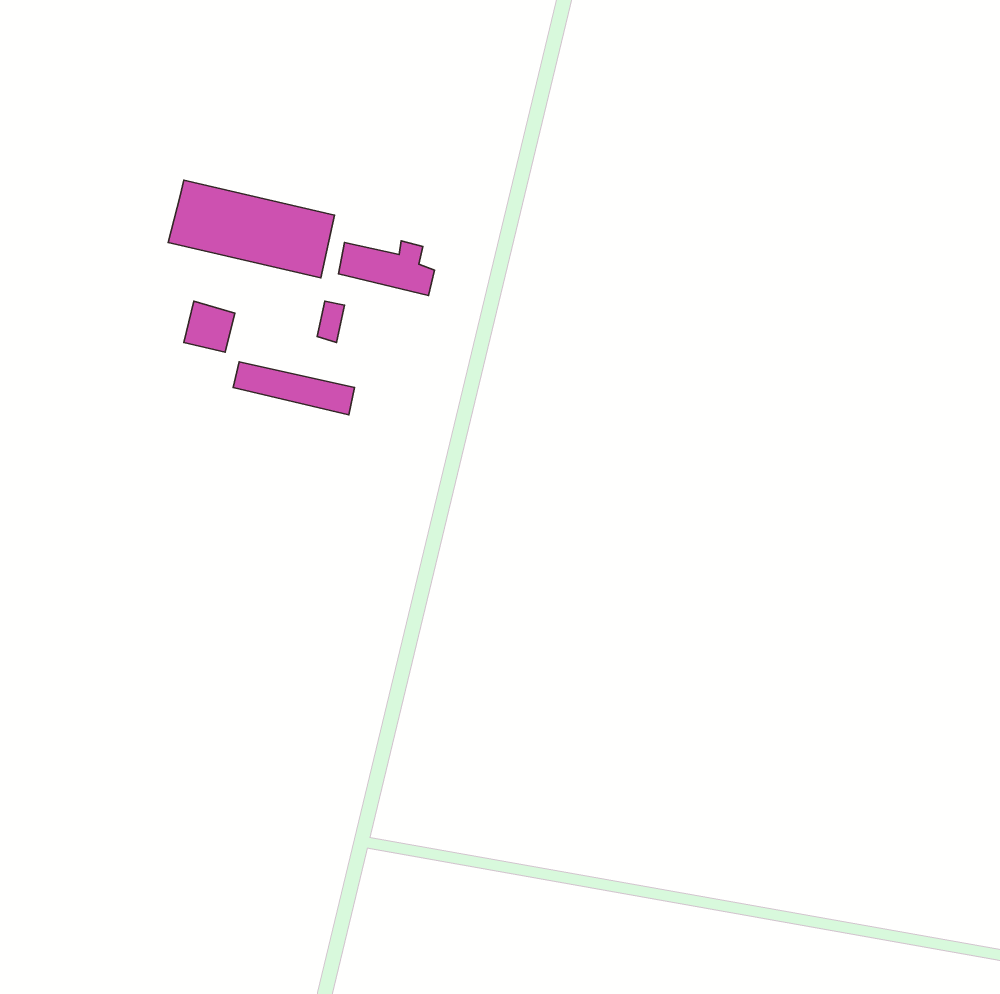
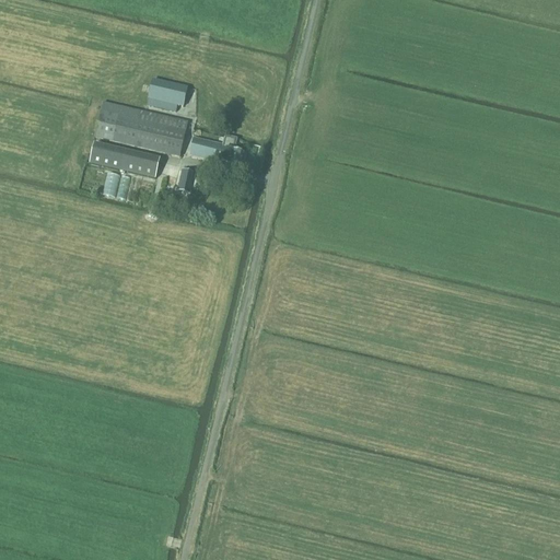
building: none -> [145,78,187,110]
building: [233,362,355,415] -> [91,147,159,176]

